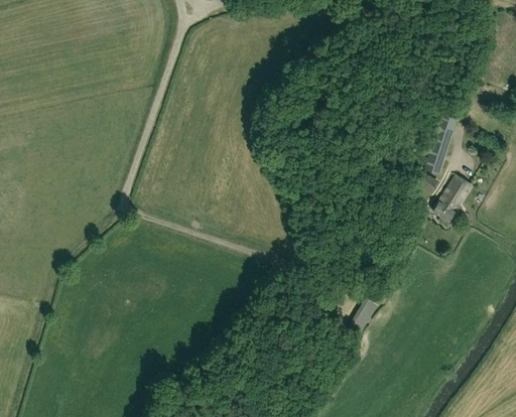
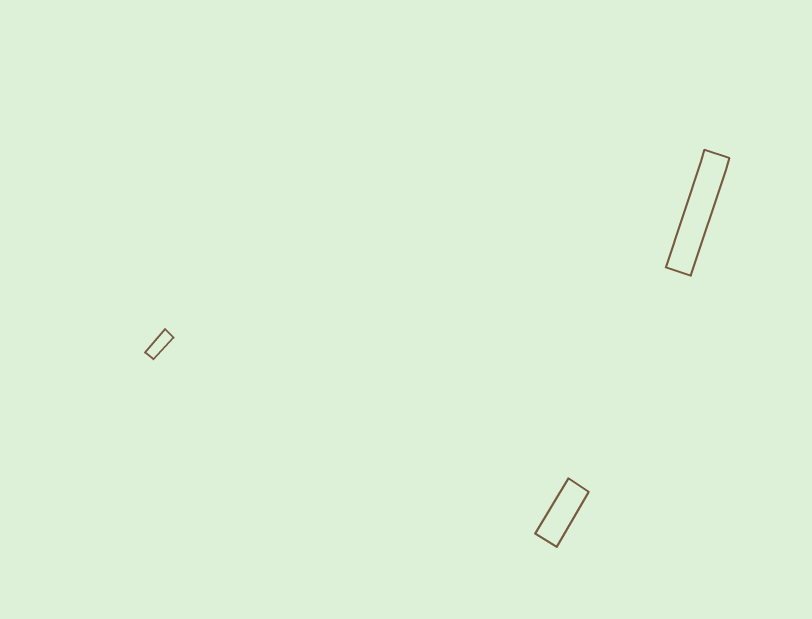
building: [431,175,471,221] -> none

